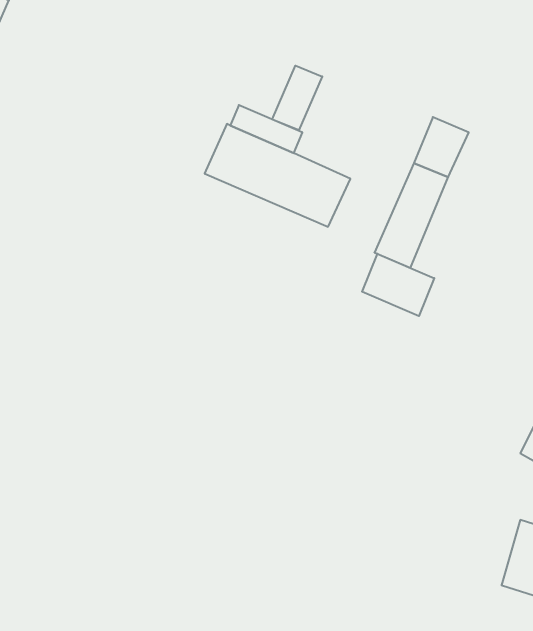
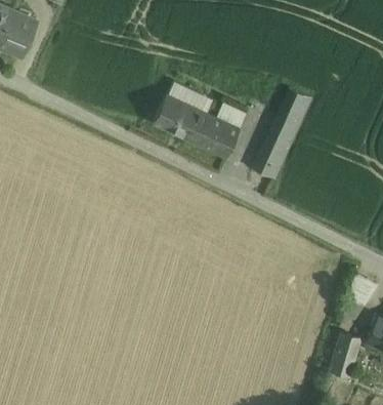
building: [272,66,322,130] -> none
building: [362,254,434,316] -> none

